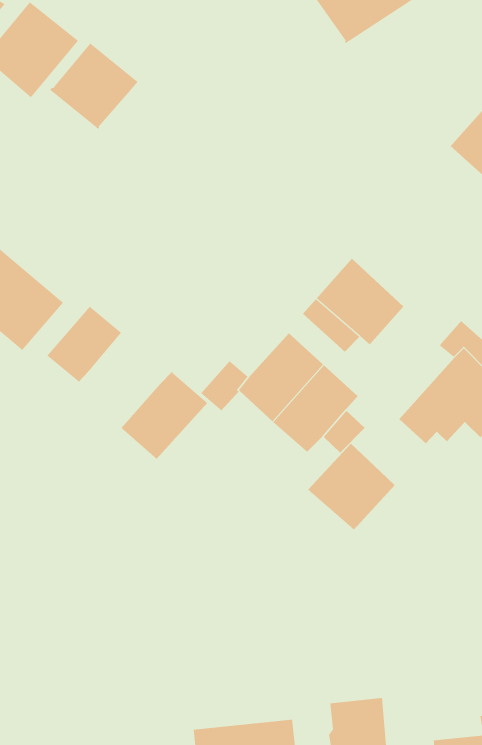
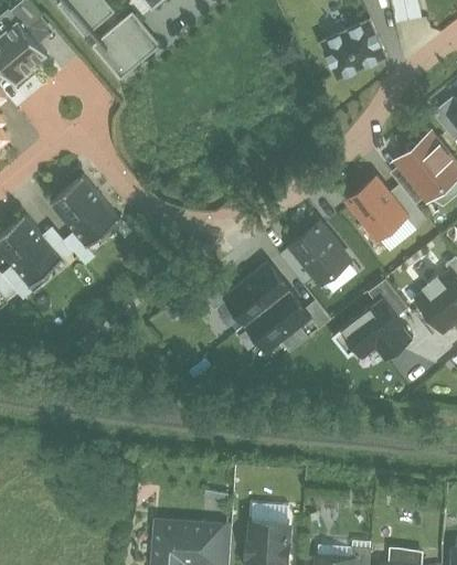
building: [49,42,138,130] -> none
building: none -> [348,177,405,236]
building: [47,306,122,383] -> none
building: [120,371,208,460] -> none
building: [307,443,395,530] -> none

